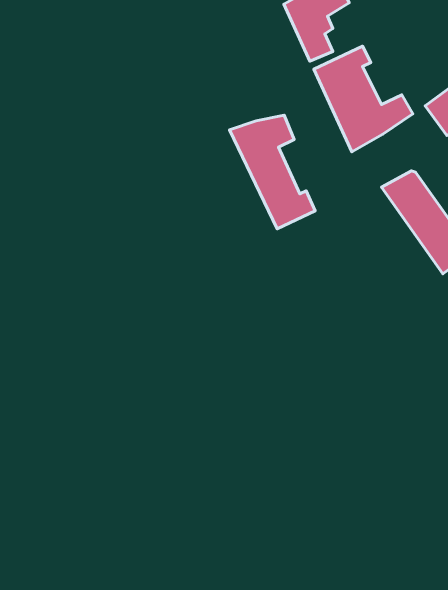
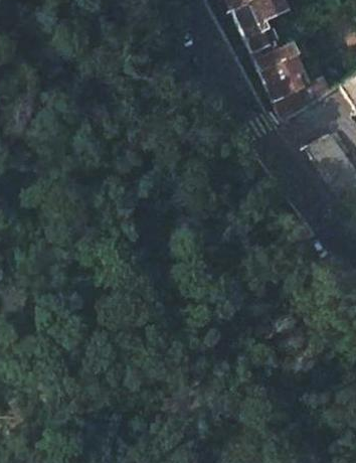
building: [230,115,315,229] -> none

